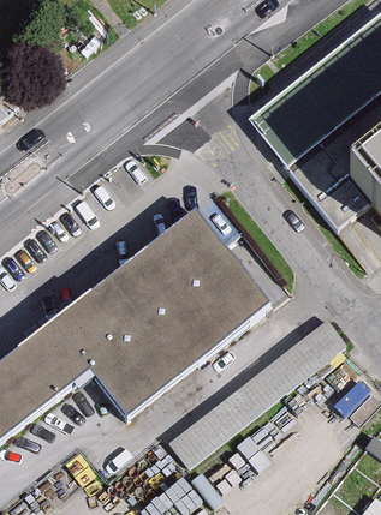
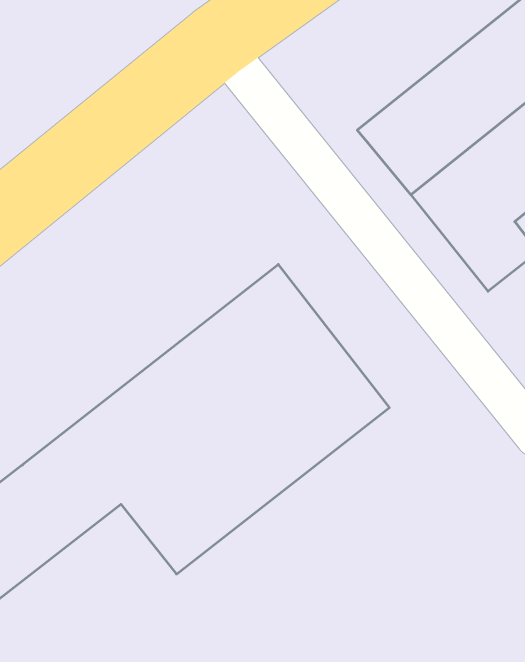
building: [169,316,346,463] -> none

